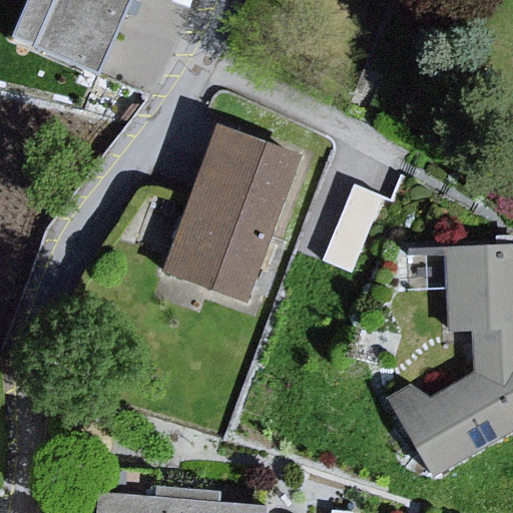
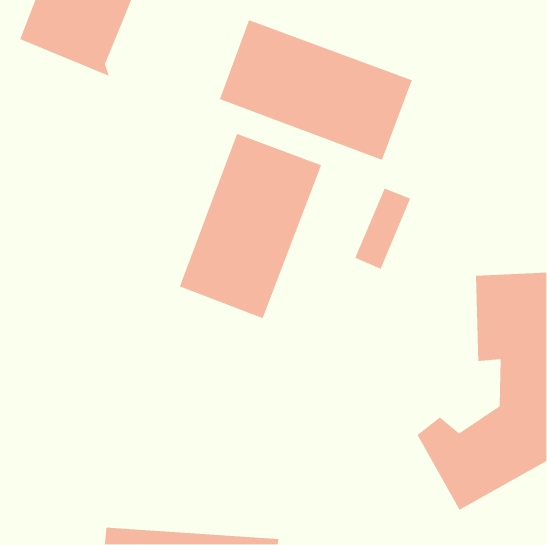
building: none -> [219,19,413,161]

